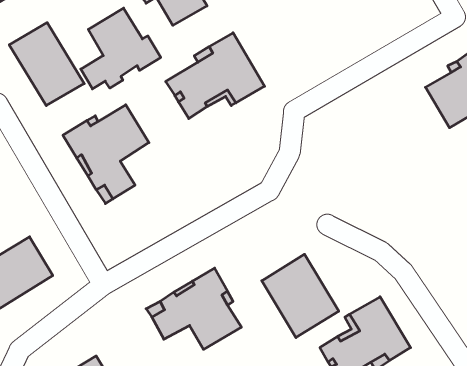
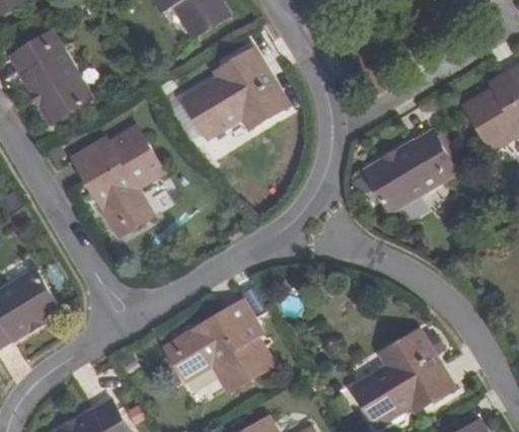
building: [81,8,161,89] -> none
building: none -> [364,129,455,211]
building: [262,254,339,338] -> none

